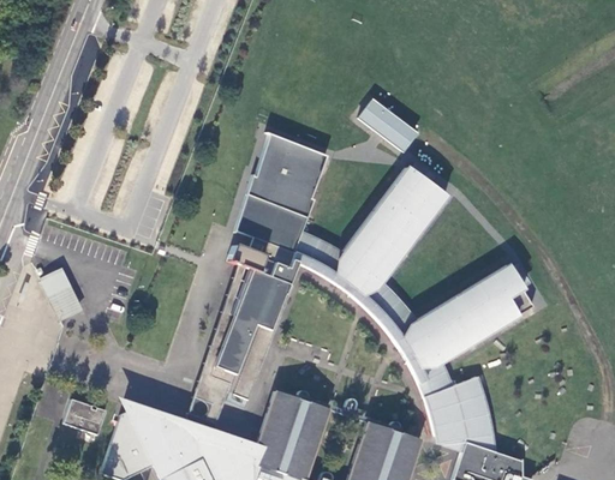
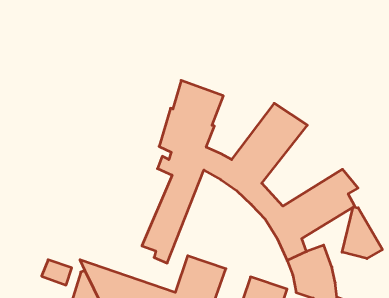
building: [358,100,414,151] -> none
building: [40,266,83,320] -> none
building: none -> [342,207,382,259]

